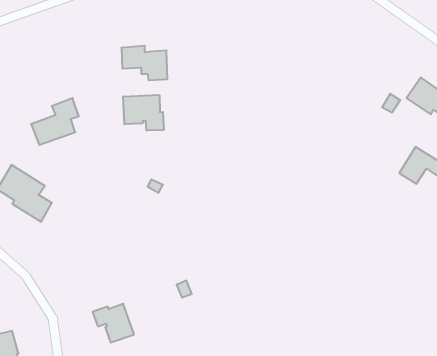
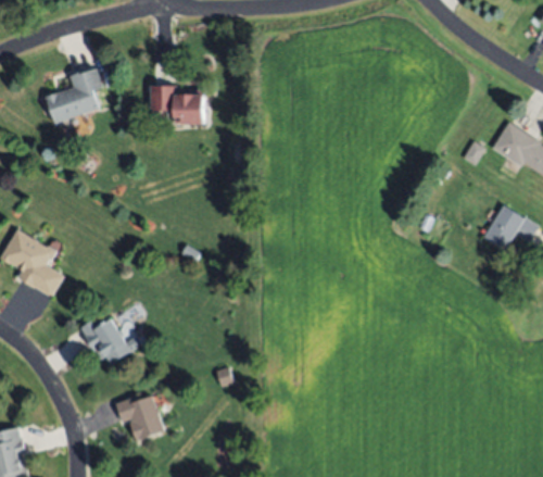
building: [123,95,164,131] -> none
building: [31,98,79,145] -> [45,65,102,122]
building: none -> [78,316,141,365]

